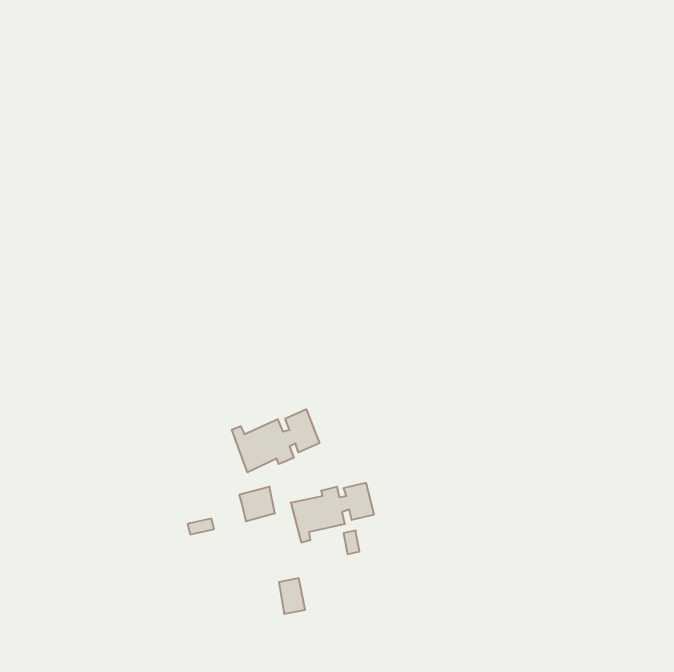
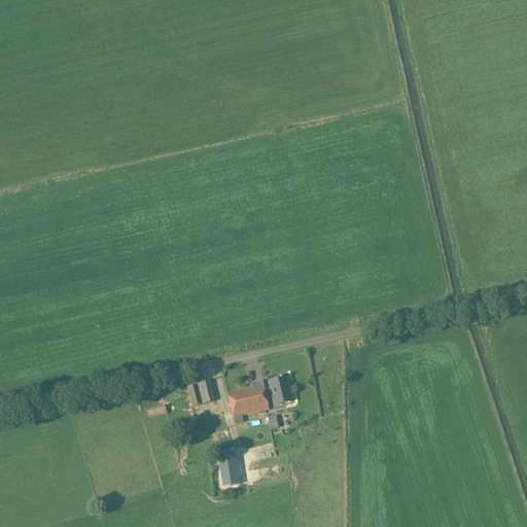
building: [232,409,319,472] -> none

